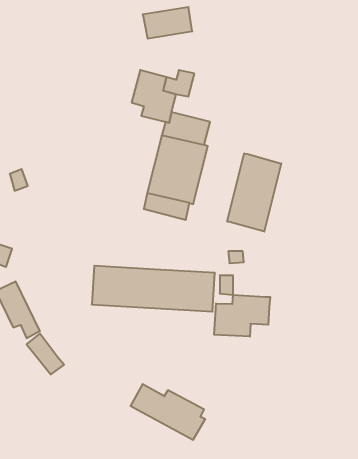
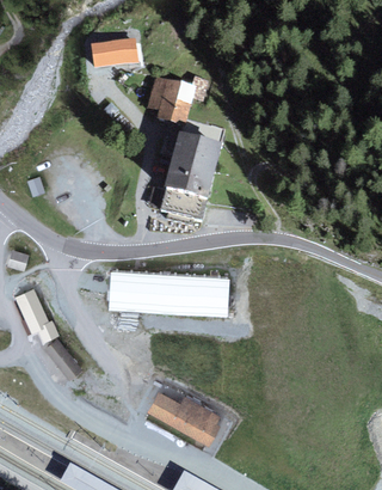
building: [143,7,192,39] -> [90,41,138,72]
building: [227,153,281,232] -> none
building: [214,295,270,337] -> none

